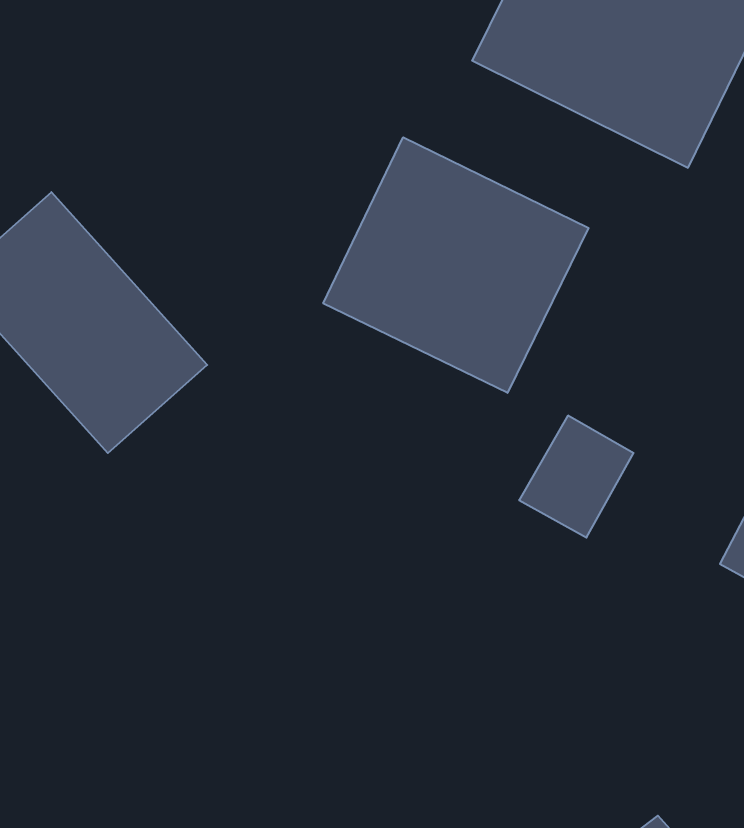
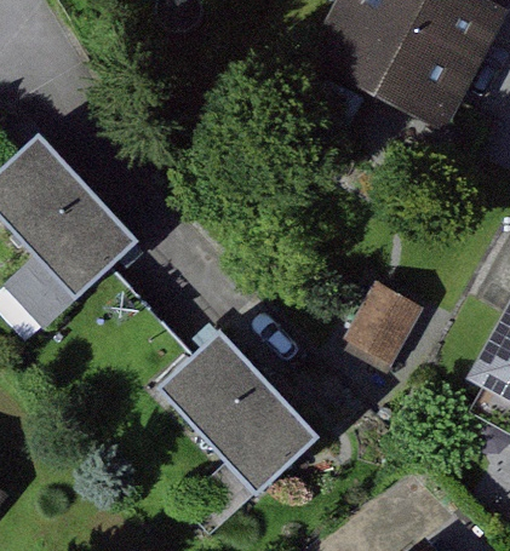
building: [323,137,589,393] -> none
building: none -> [160,332,325,498]

